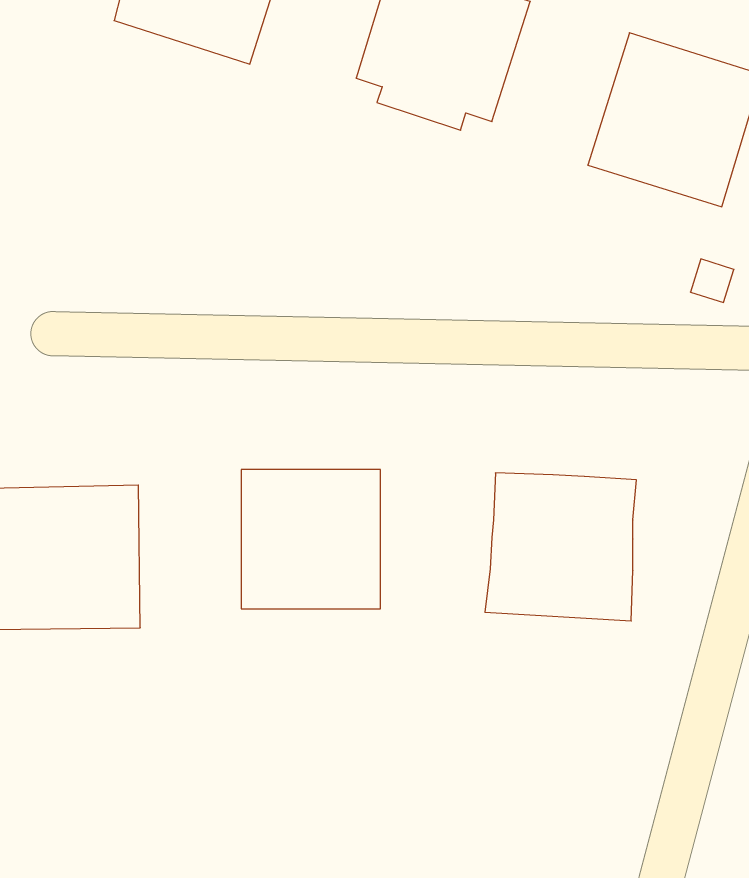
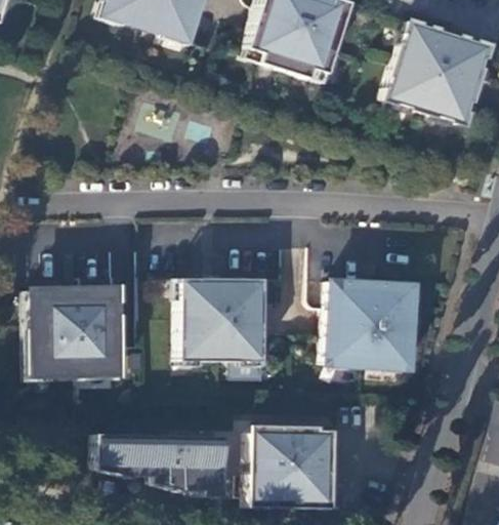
building: none -> [250,427,333,510]
building: none -> [98,435,226,498]

